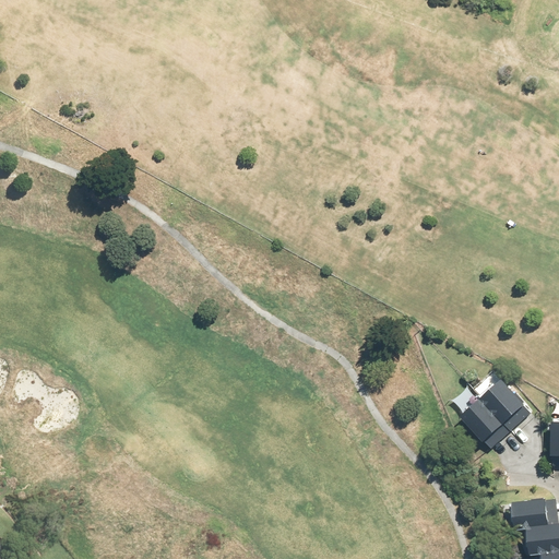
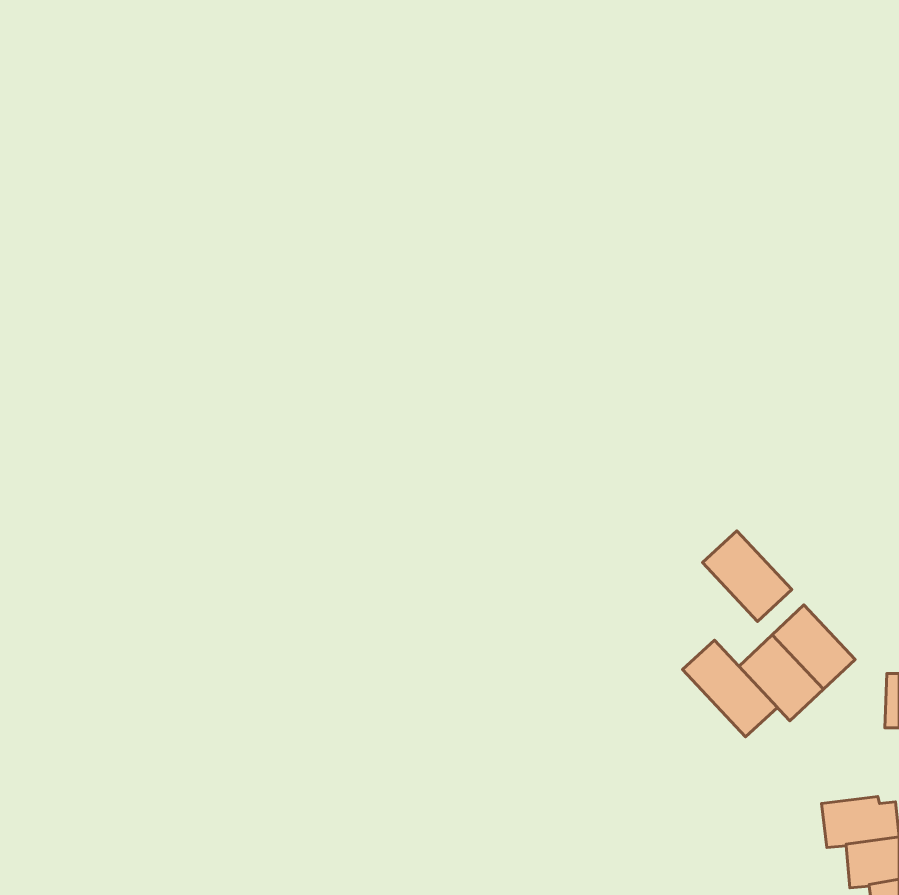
building: none -> [702,531,792,621]
building: none -> [683,640,777,737]

